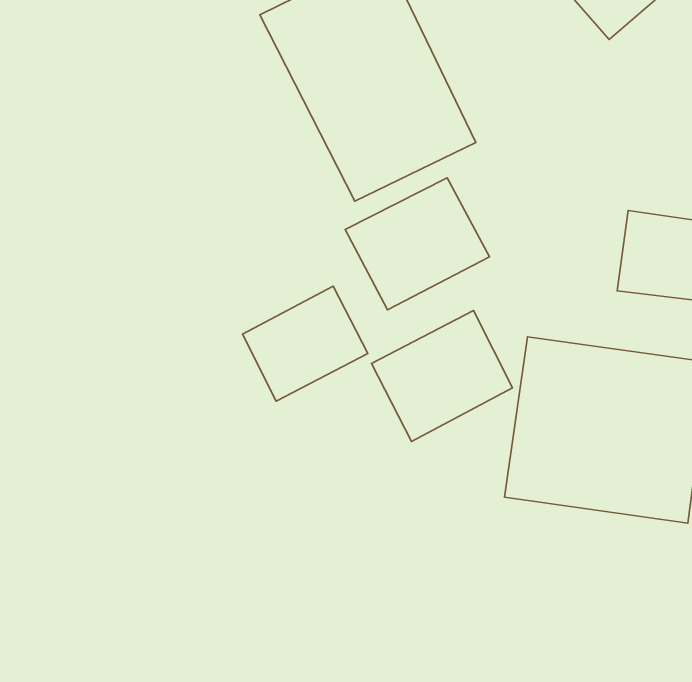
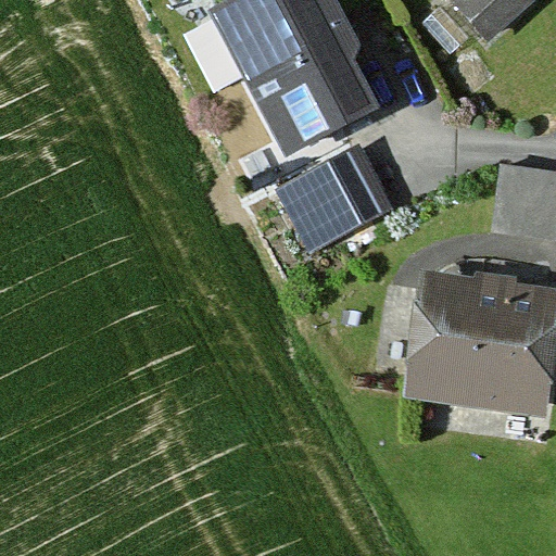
building: [243,286,368,401] -> none
building: [371,310,512,441] -> none

